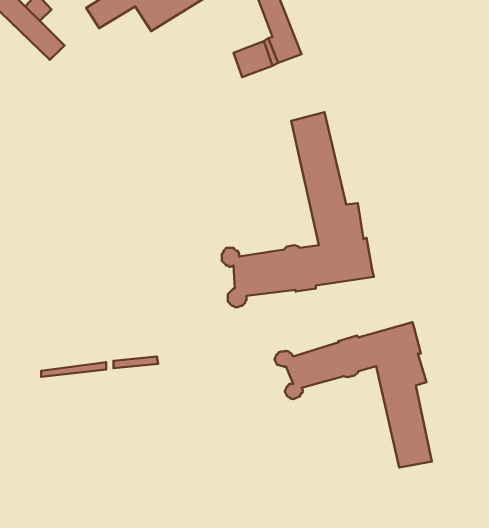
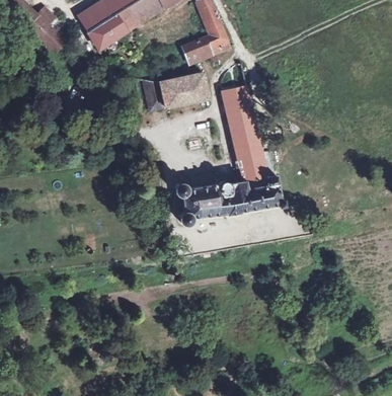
building: none -> [87,14,125,48]
building: none -> [143,72,208,110]
building: [274,322,432,468] -> none

